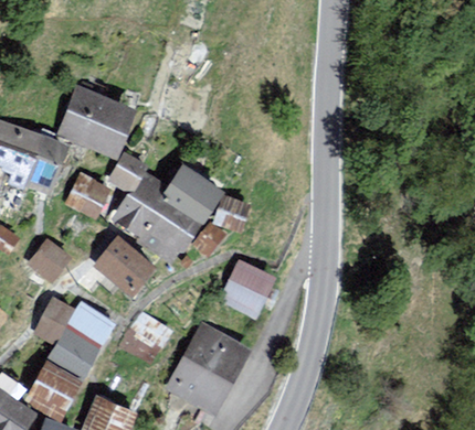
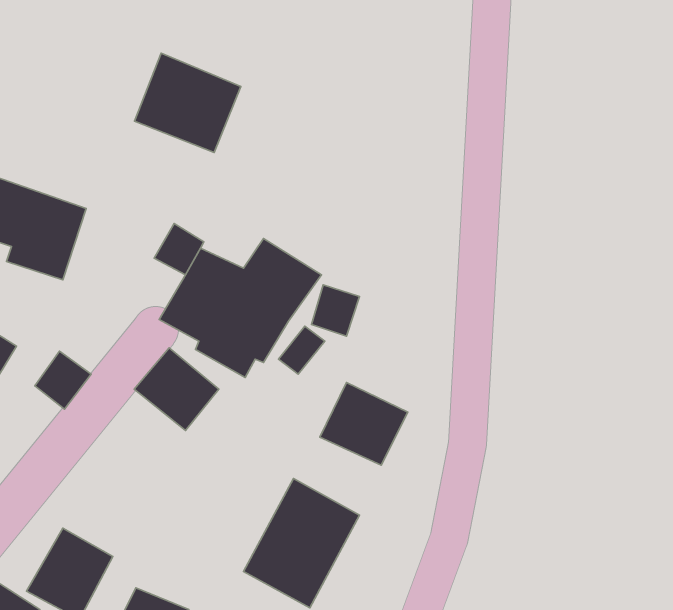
building: [61,86,131,152] -> [135,53,241,153]
building: [66,173,107,215] -> none
building: [33,297,114,376] -> none
building: [122,312,170,363] -> none

